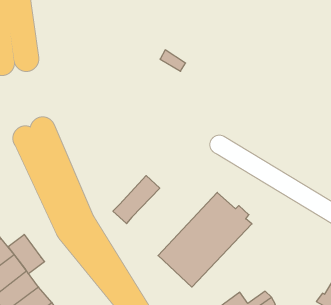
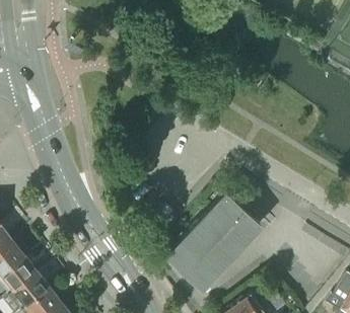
building: [113,176,160,224] -> none
building: [8,234,45,274] -> none

